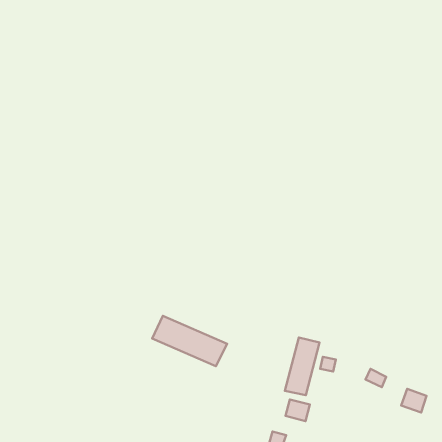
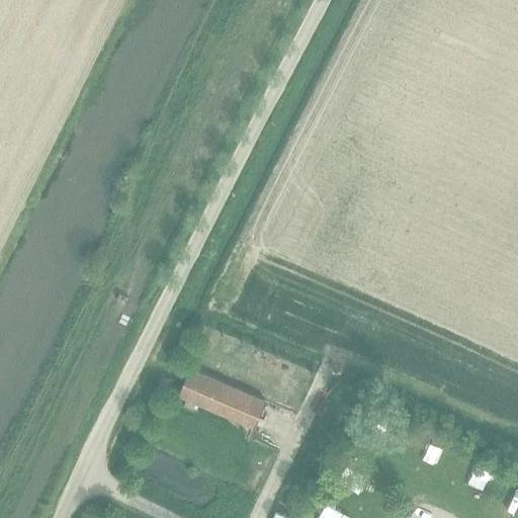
building: [285,337,320,395] -> none

